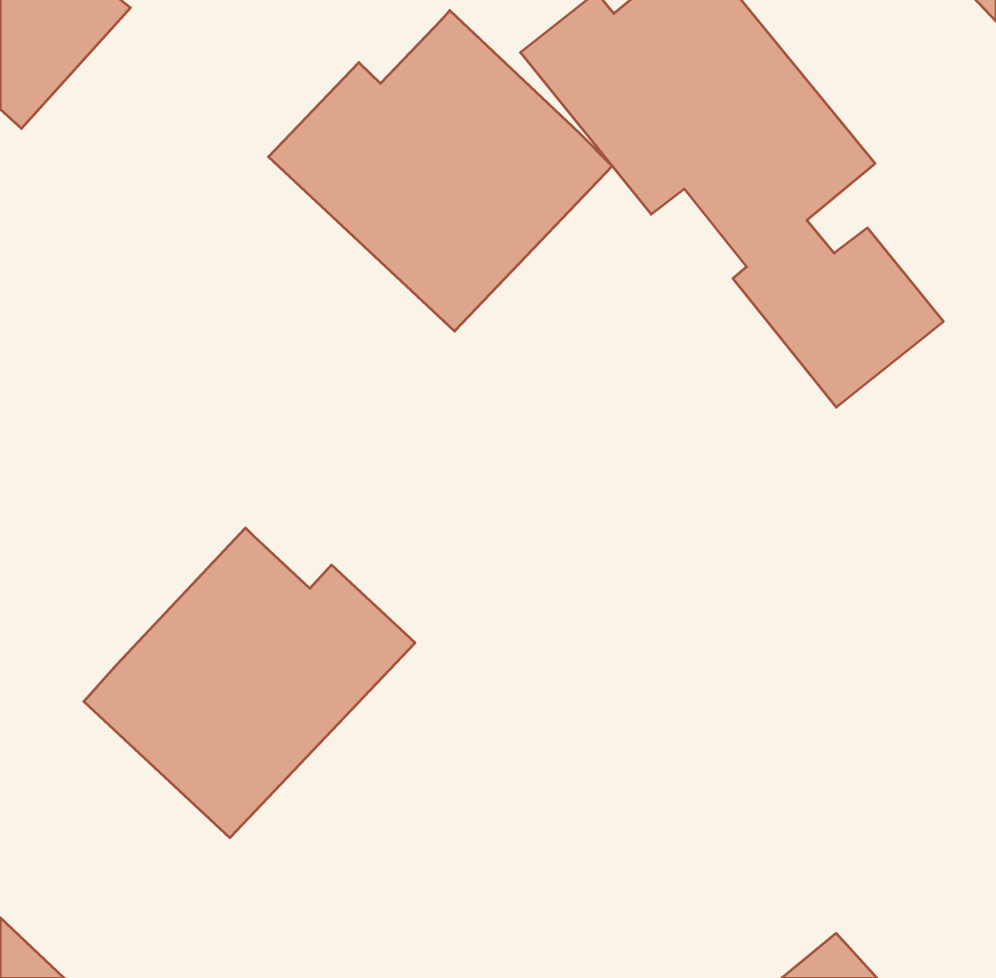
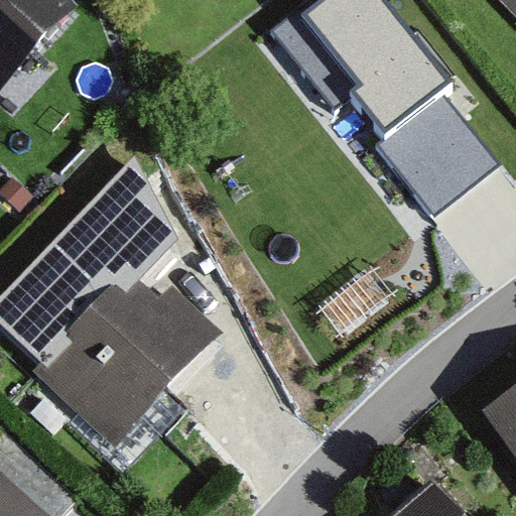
building: [268,10,612,331] -> none
building: none -> [9,161,175,344]

